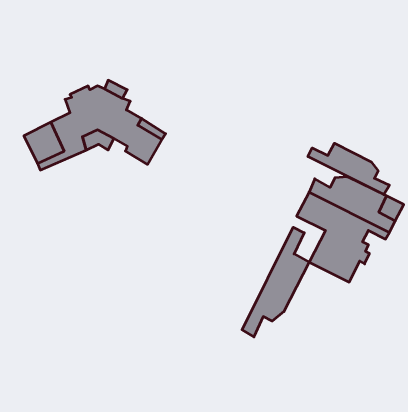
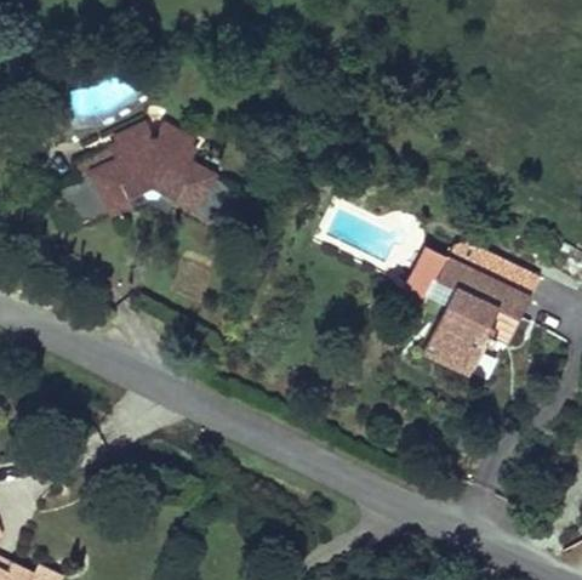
building: [308,143,389,195] -> none
building: [242,227,309,337] -> none

